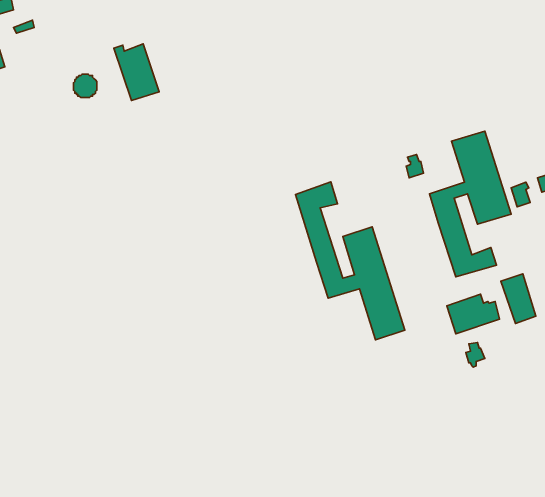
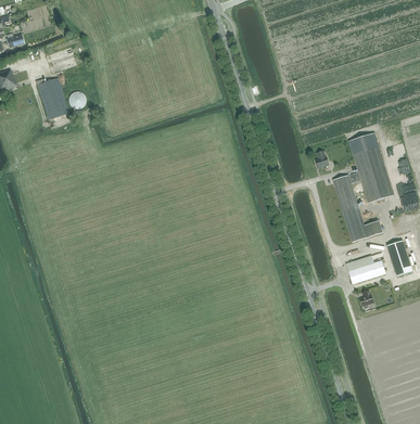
building: [114,44,159,101] -> [35,76,68,118]
building: [296,182,405,340] -> none

